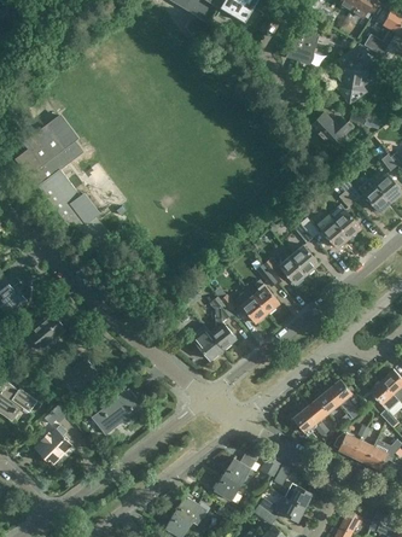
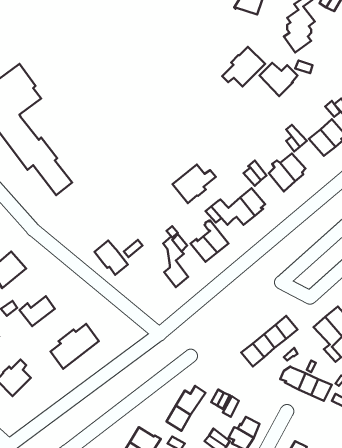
building: none -> [222,47,265,86]
building: none -> [172,165,216,203]
building: [188,323,223,360] -> [94,240,128,275]

